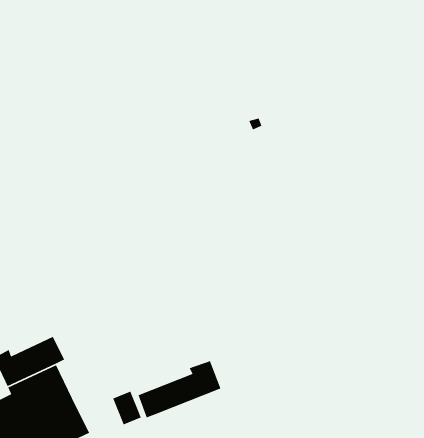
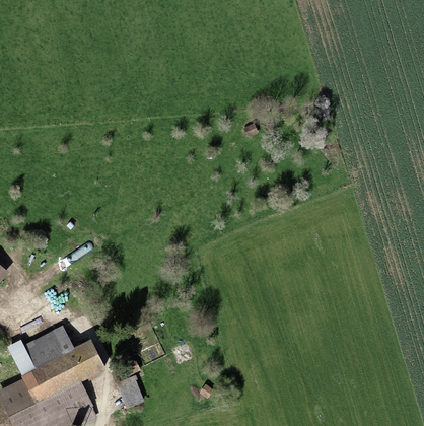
building: none -> [64,338,105,382]
building: [138,360,221,419] -> none

